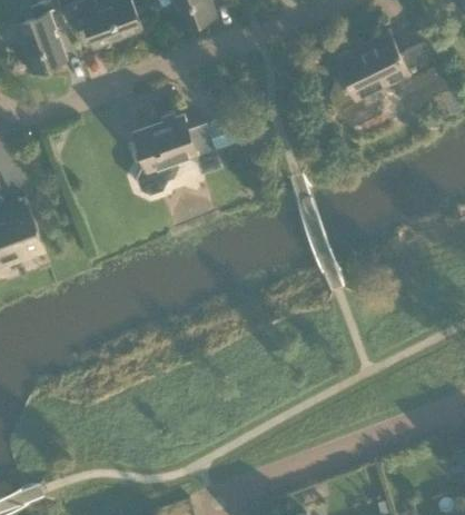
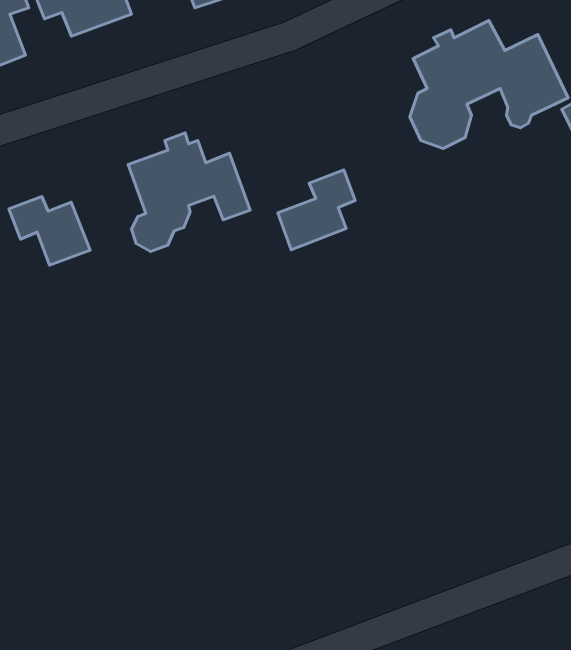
building: none -> [278,170,355,250]
building: none -> [9,196,90,265]

